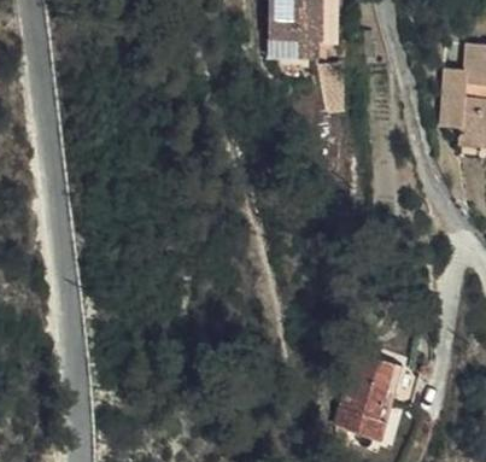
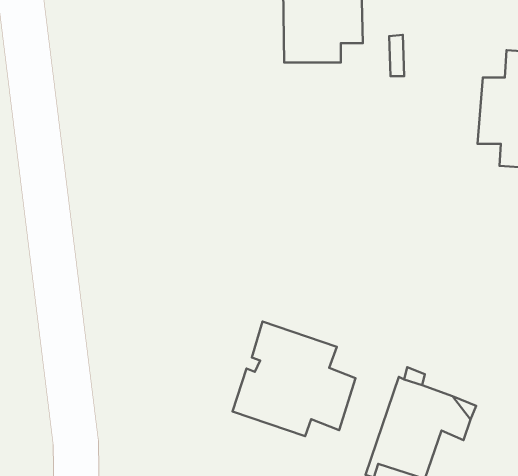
building: none -> [232,322,356,436]

